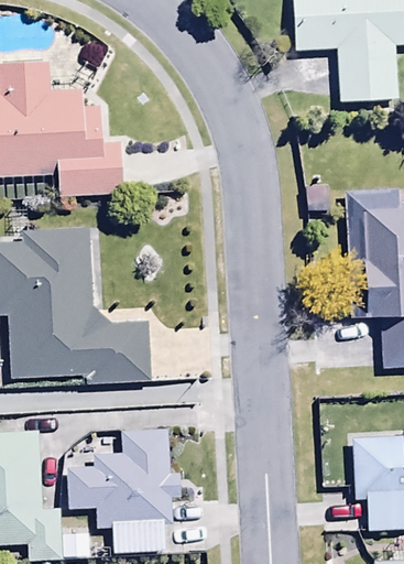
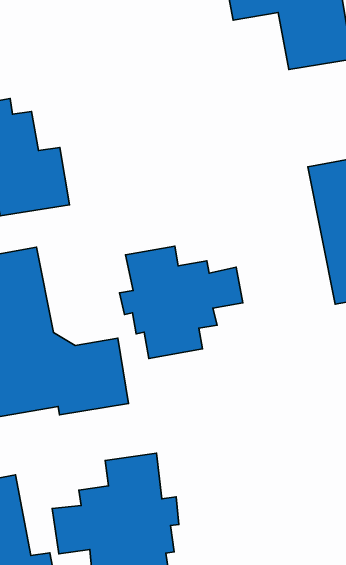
building: none -> [119,246,243,359]

